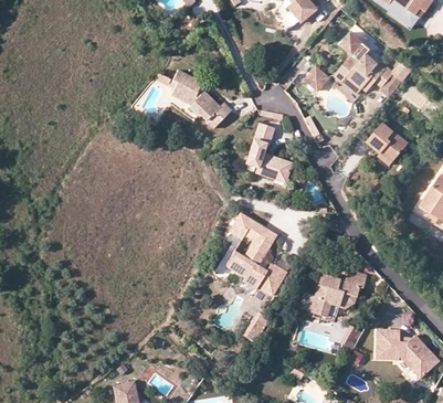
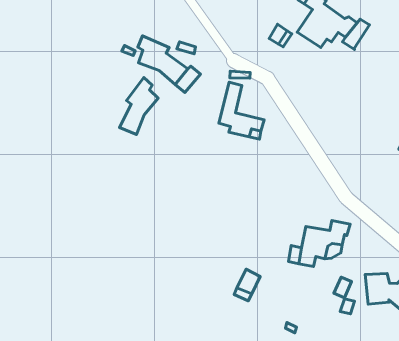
building: none -> [120,78,158,134]
building: [367,118,409,163] -> none
building: [228,211,286,293] -> none

